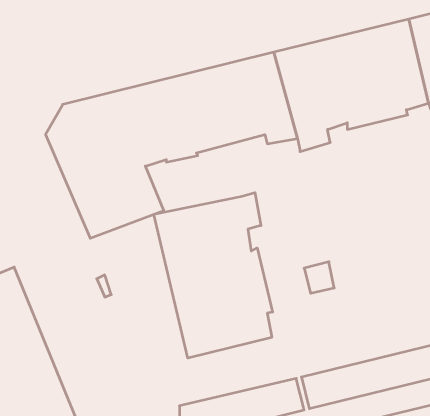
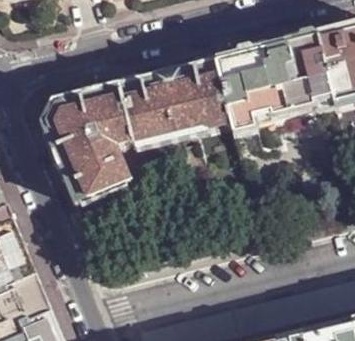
building: [154,193,273,358] -> none

